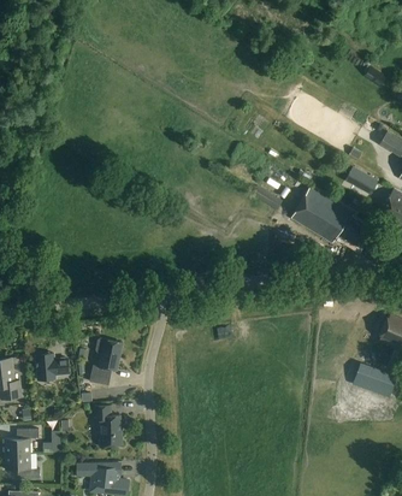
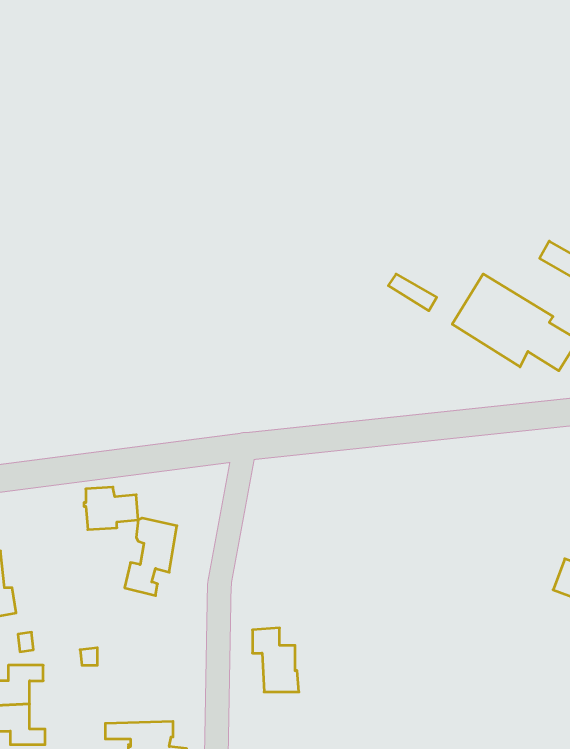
building: [34,354,67,380] -> [84,487,138,530]
building: [93,406,122,445] -> [252,628,299,692]

